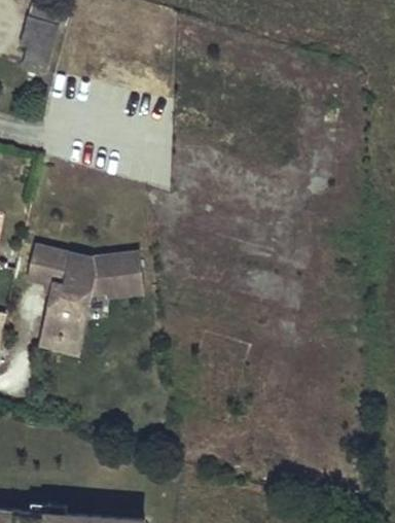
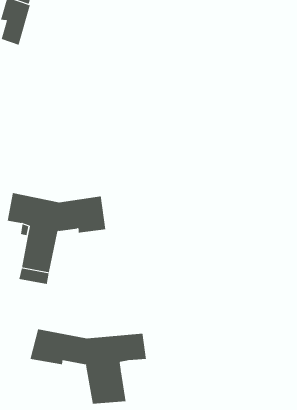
building: none -> [30,329,147,404]

